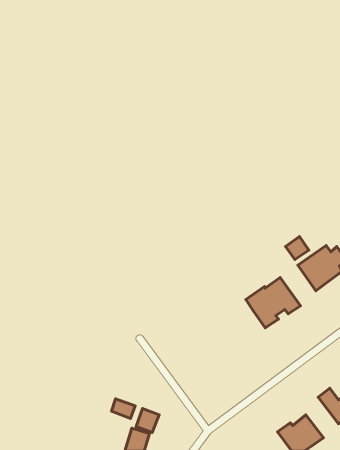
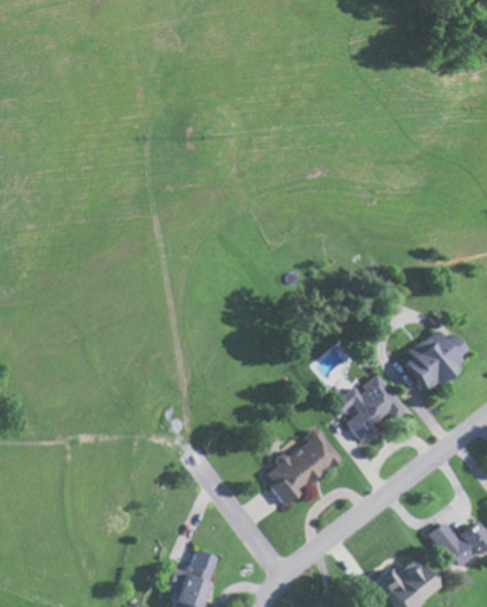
building: [286,236,309,260] -> none
building: none -> [262,429,341,504]
building: [111,399,135,419] -> none

